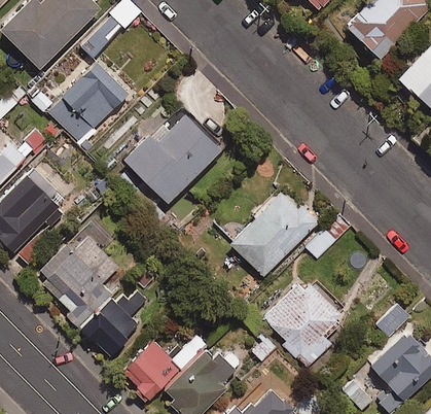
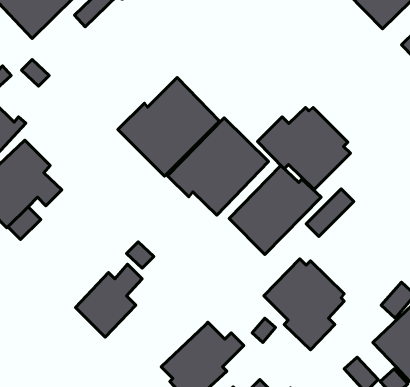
building: [48,62,129,147] -> none
building: none -> [257,107,350,189]
building: none -> [167,118,268,215]
building: [35,220,118,330] -> none
building: [120,335,207,403] -> none

